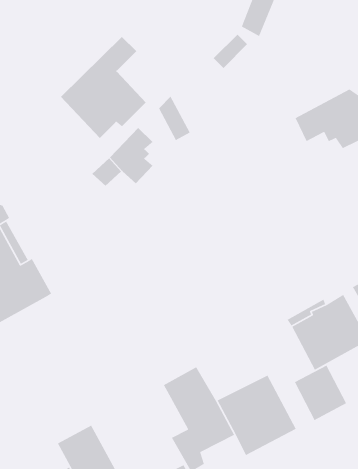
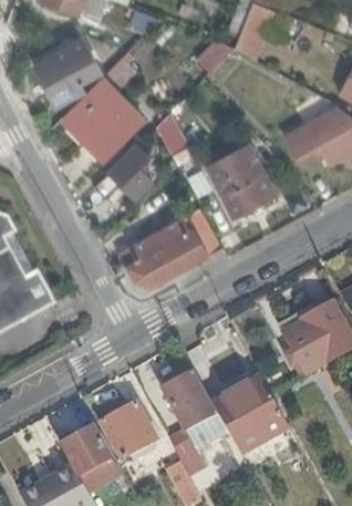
building: none -> [34,40,101,106]
building: none -> [206,146,275,218]
building: none -> [118,209,221,289]
building: [294,365,347,421] -> none
building: none -> [101,403,155,459]

